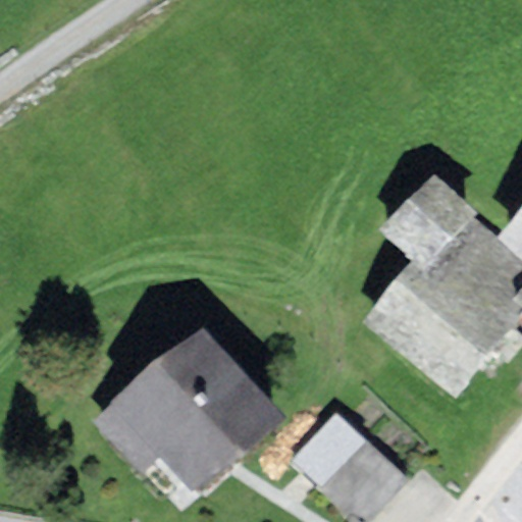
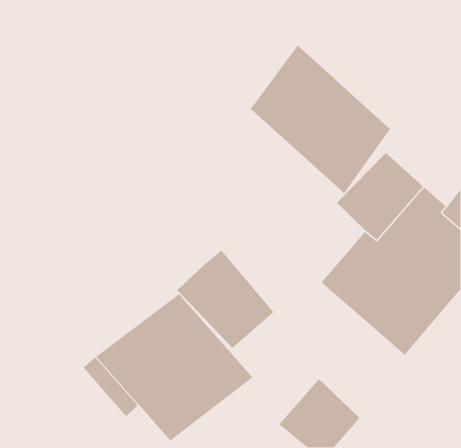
building: none -> [250,45,391,194]
building: none -> [177,249,274,349]

